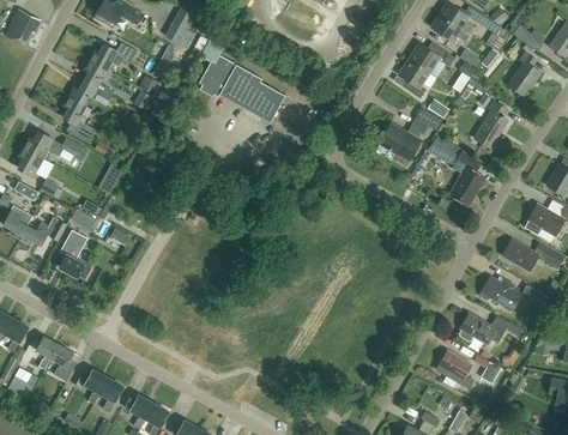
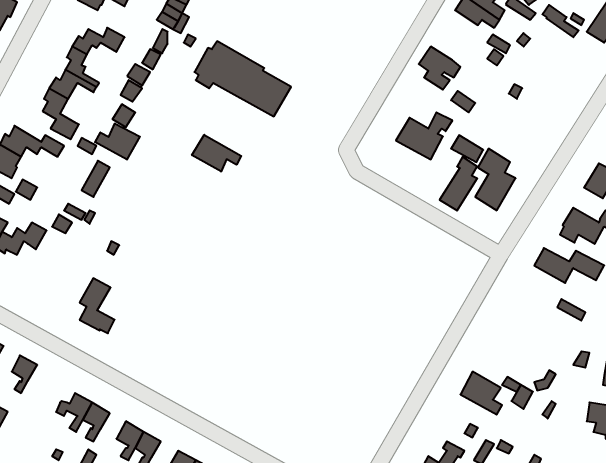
building: [410,43,455,72] -> none
building: [502,52,542,96] -> none
building: [475,101,508,149] -> [440,157,477,211]
building: none -> [95,123,140,160]
building: none -> [192,135,241,172]
building: [60,230,91,279] -> [80,278,115,333]
building: [481,277,521,312] -> none
building: [460,313,521,345] -> none
building: [50,344,77,381] -> none

